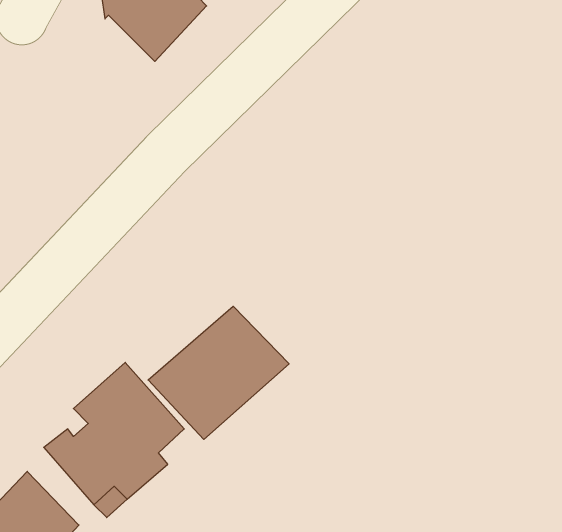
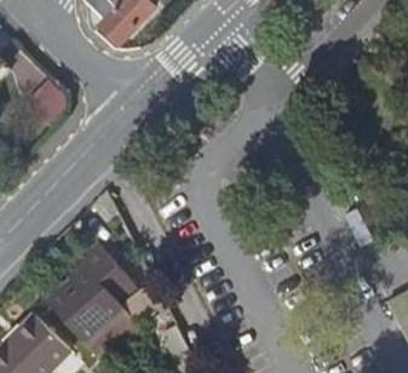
building: [148,306,289,439] -> none

